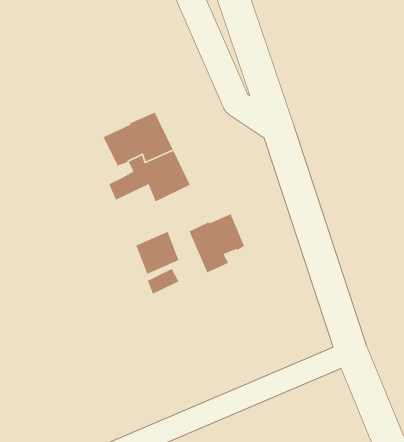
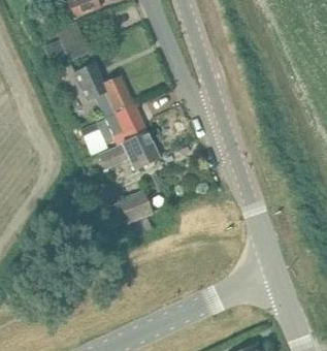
building: none -> [74,62,133,111]
building: [189,213,245,274] -> none

